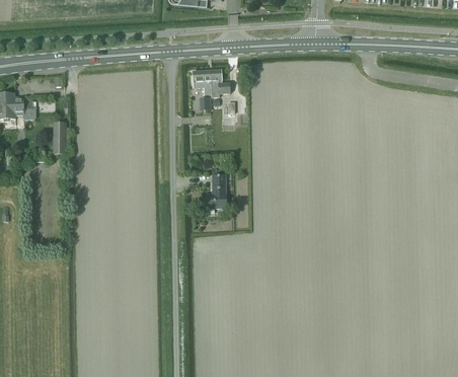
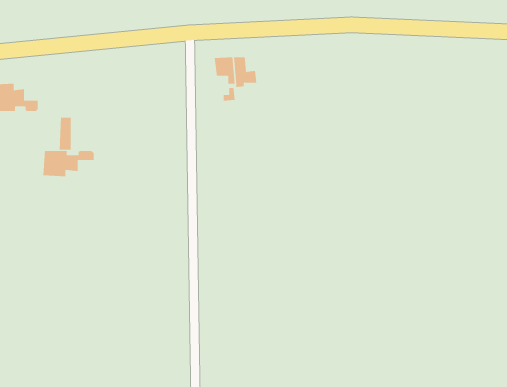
building: none -> [43,150,94,177]
building: [206,174,226,208] -> none

